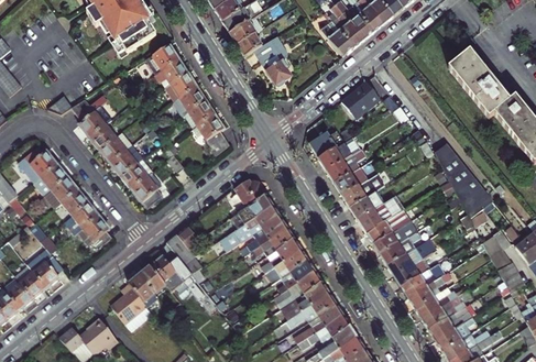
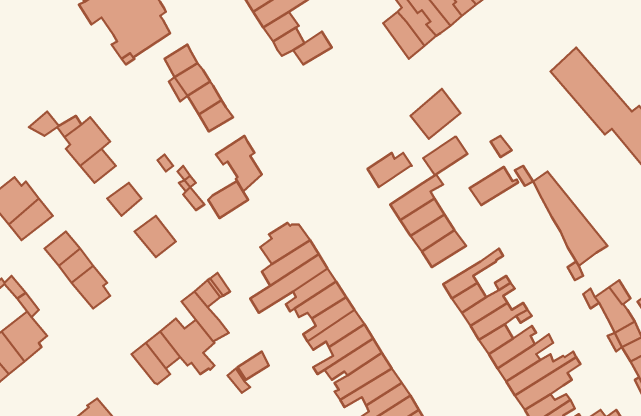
building: [260,47,289,85] -> none
building: [184,101,215,130] -> [208,181,248,218]
building: [99,134,130,164] -> none
building: [318,139,352,168] -> [423,137,468,175]
building: [120,161,151,189] -> none
building: [43,177,77,209] -> none
building: [359,200,396,230] -> [470,167,518,205]
building: [109,284,145,323] -> none

